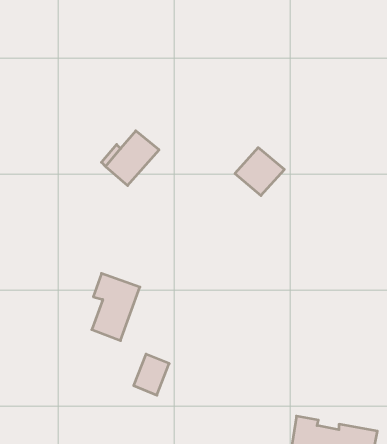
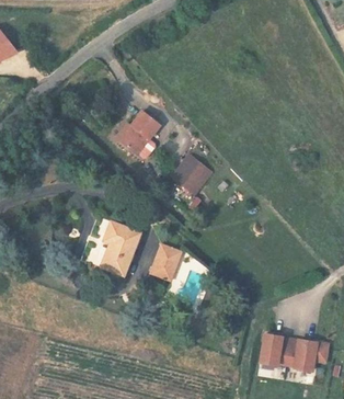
building: [235,148,284,196] -> [169,157,208,195]
building: [134,354,169,395] -> [156,247,184,280]

